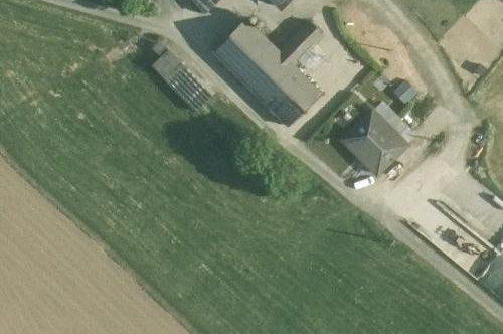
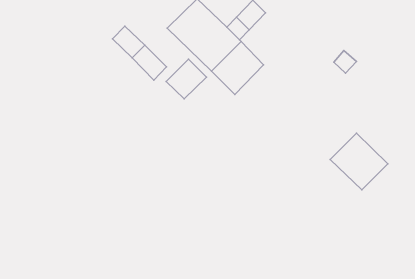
building: none -> [166,59,207,99]
building: [343,111,407,174] -> [330,133,388,190]

